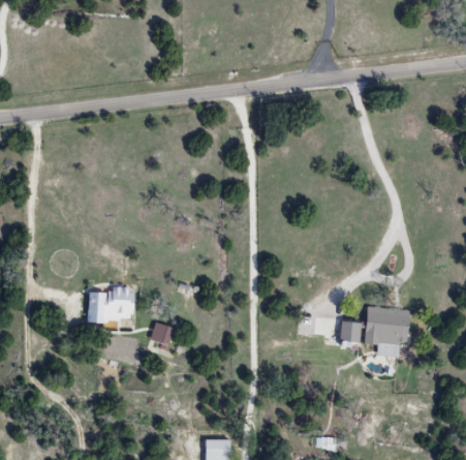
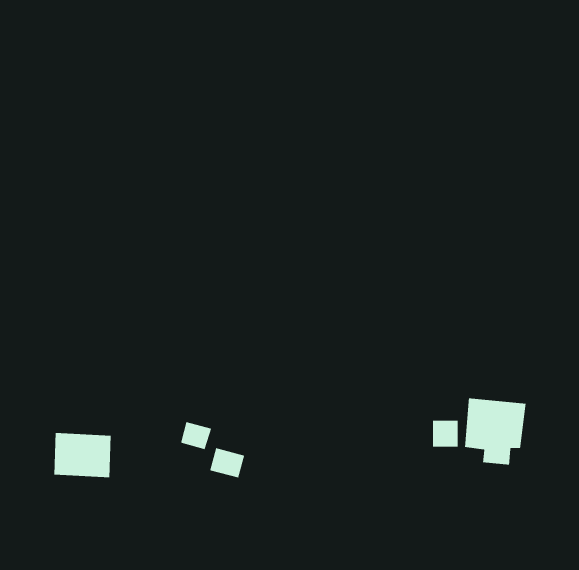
building: [91,288,134,323] -> [53,432,112,478]
building: none -> [209,447,245,479]

